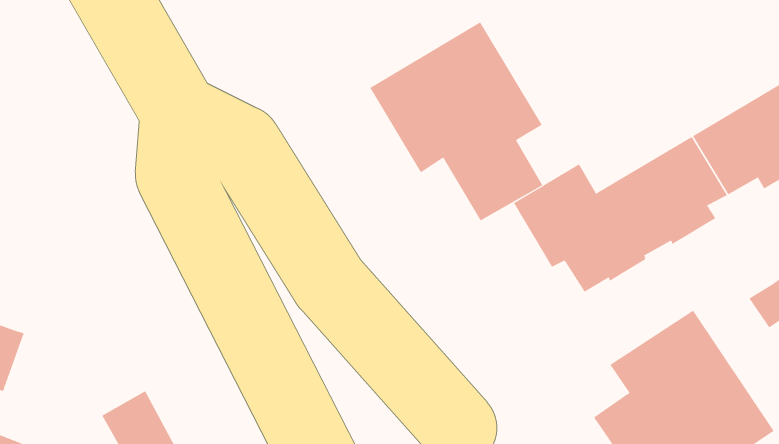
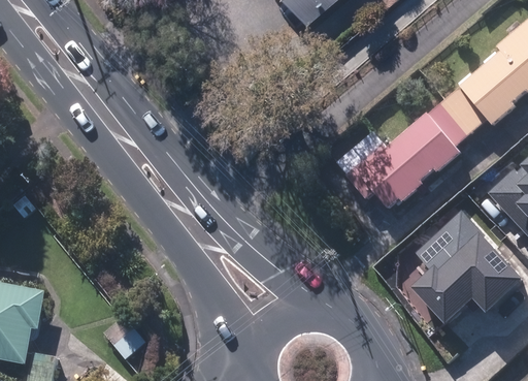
building: [369,22,543,221] -> none

